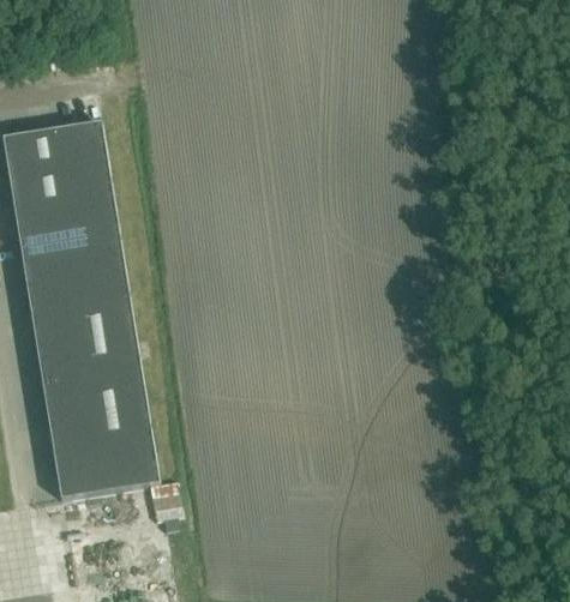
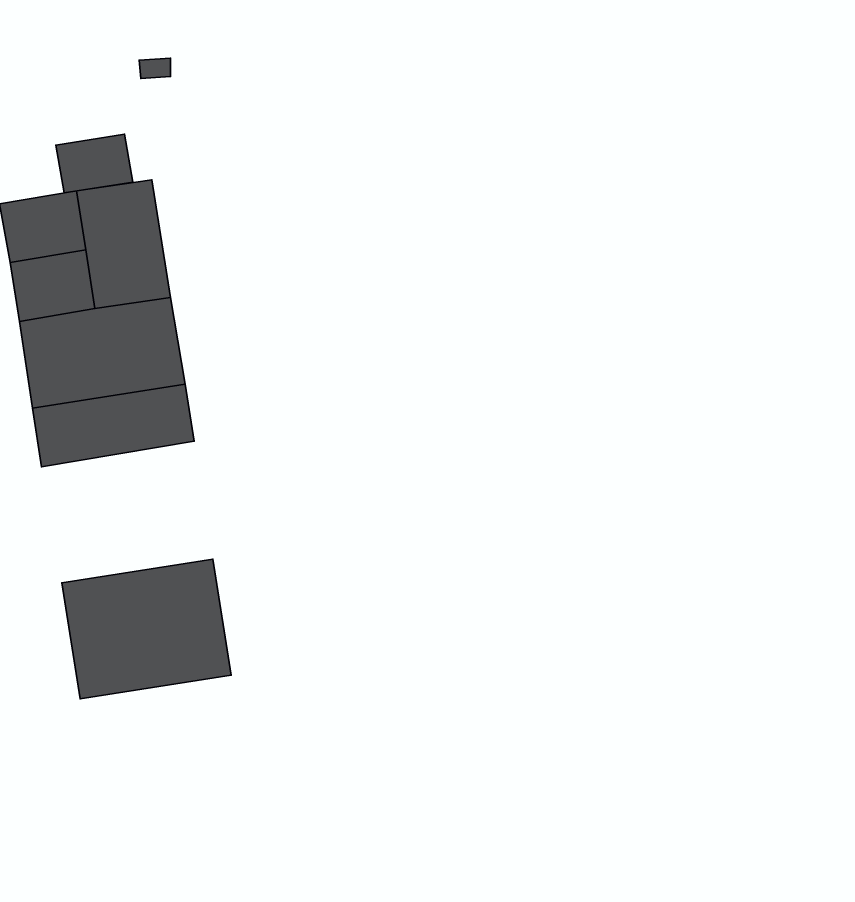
building: none -> [56,134,133,193]
building: [29,290,140,383] -> none
building: [54,443,158,496] -> none

